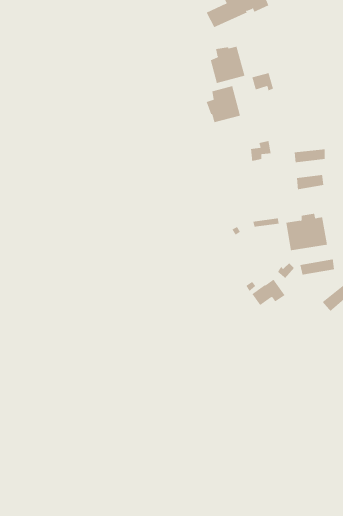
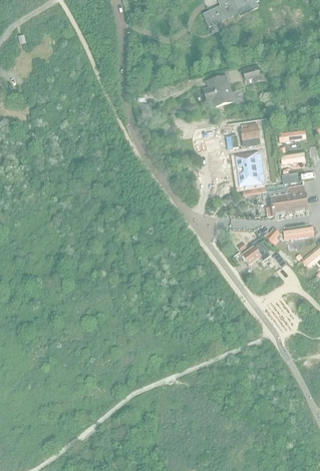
building: [210,46,245,84] -> none
building: none -> [233,151,262,187]

